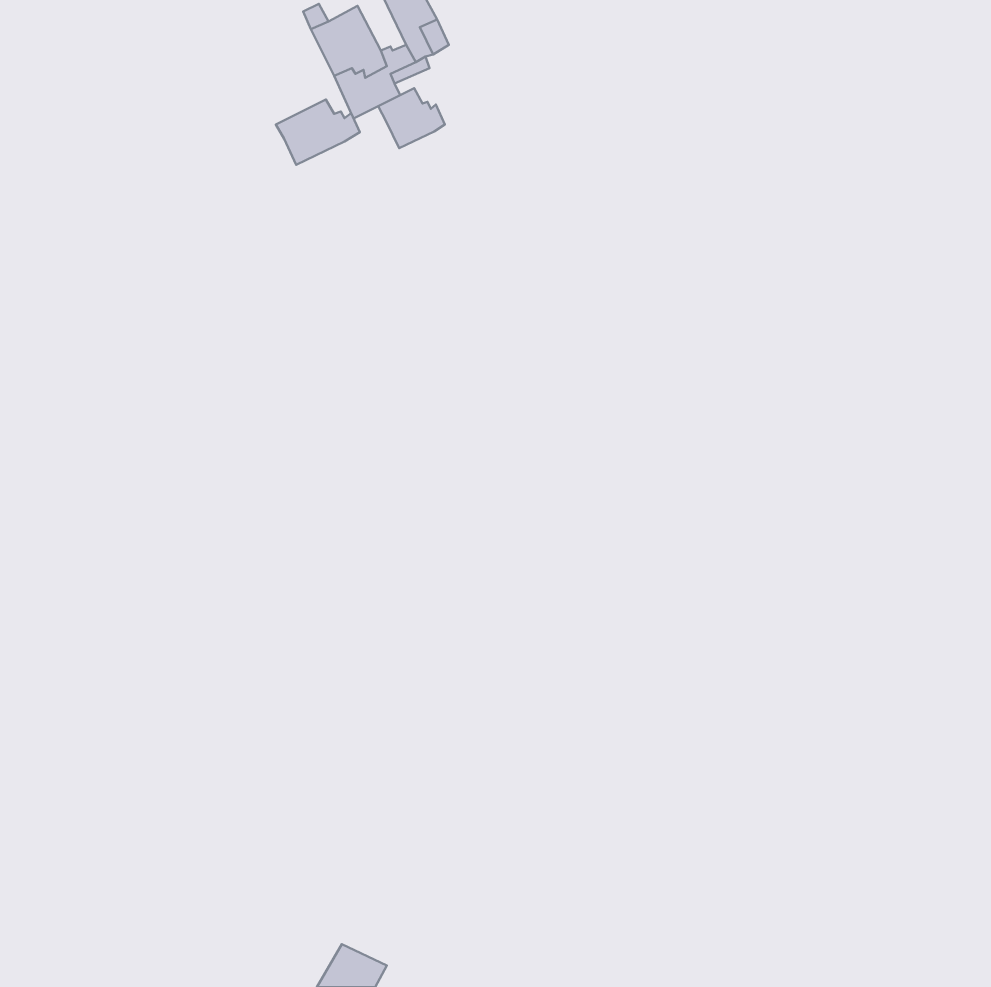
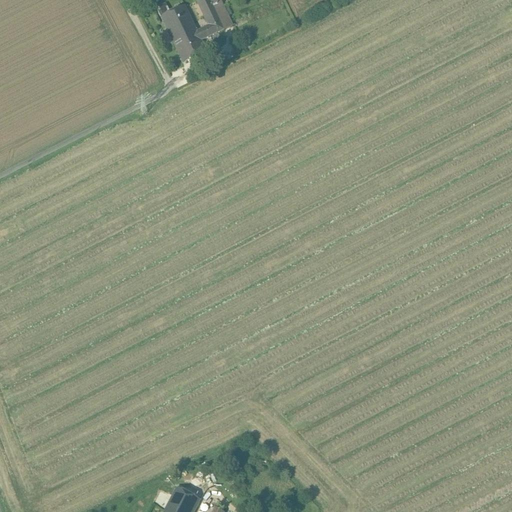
building: [378,88,445,148] -> none
building: [276,100,360,165] -> none

